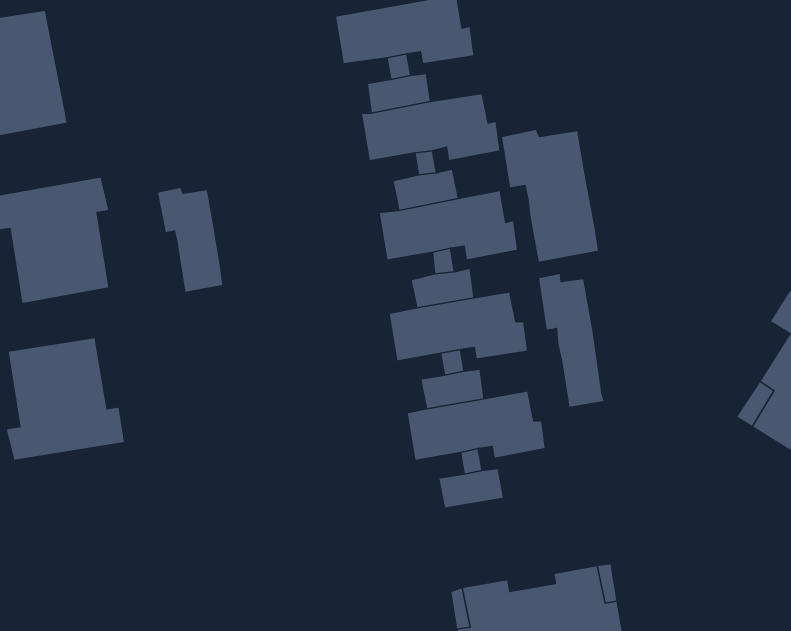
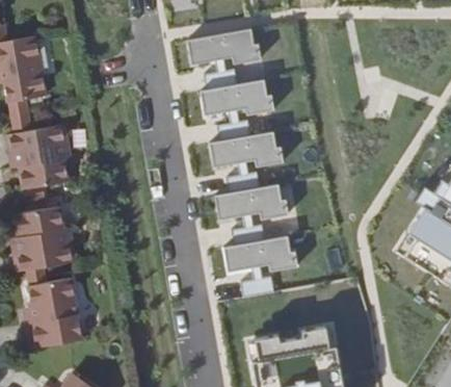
building: [501,129,599,263] -> none
building: [157,187,223,292] -> none
building: [538,273,605,407] -> none
building: none -> [26,277,84,349]

